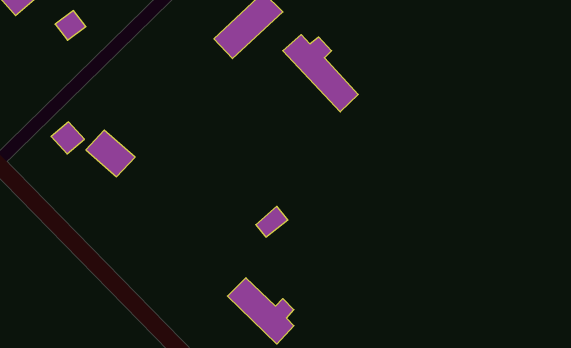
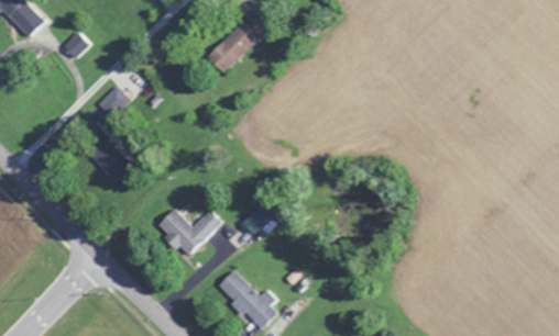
building: [283,35,358,112] -> none
building: [51,122,84,154] -> [102,86,132,114]
building: none -> [157,209,221,255]

